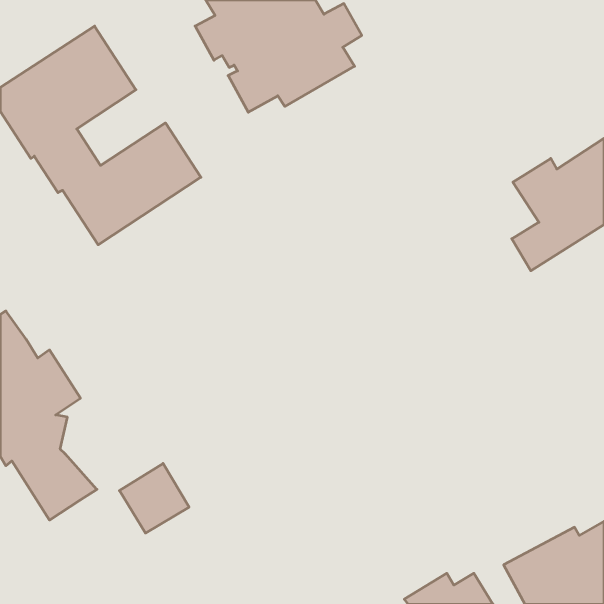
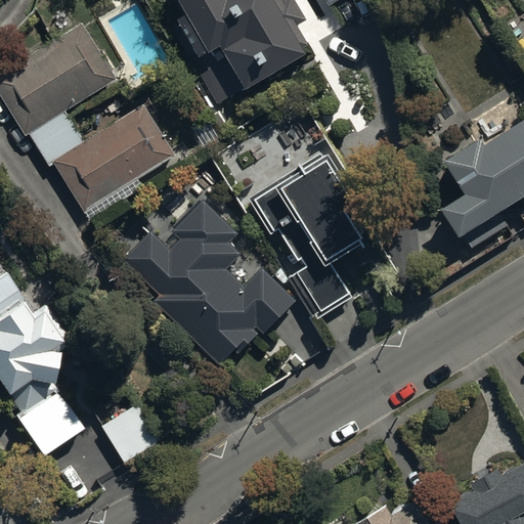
building: none -> [247,150,365,321]
building: none -> [125,199,294,367]

